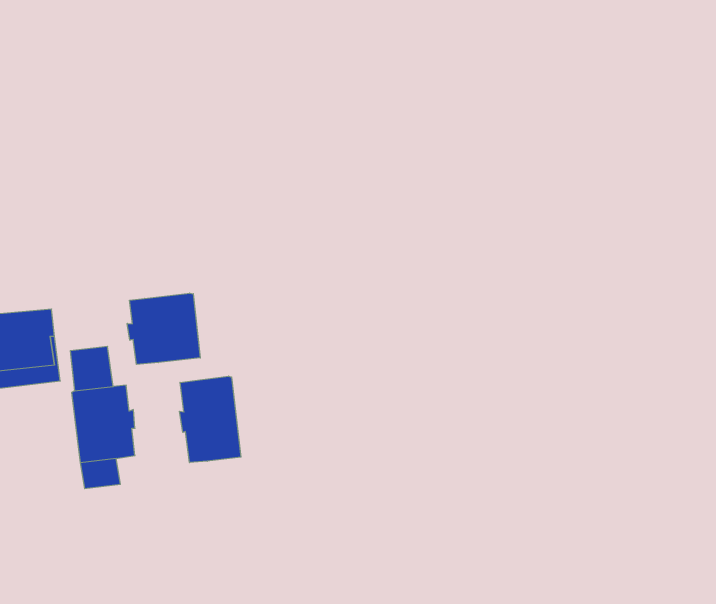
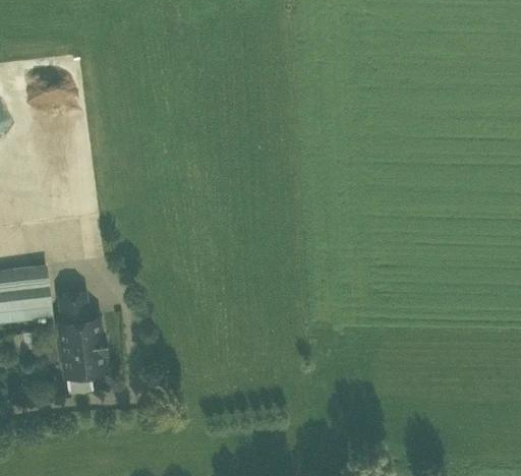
building: [127,293,200,364] -> none
building: [180,376,241,463] -> none

